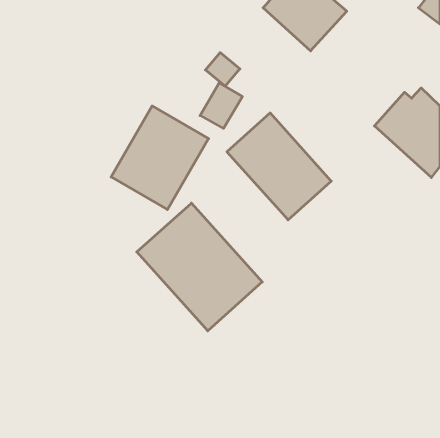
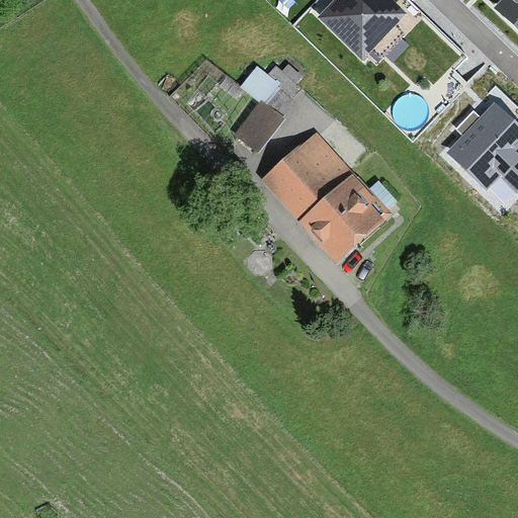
building: [111,106,209,210] -> none
building: [137,203,262,331] -> none

